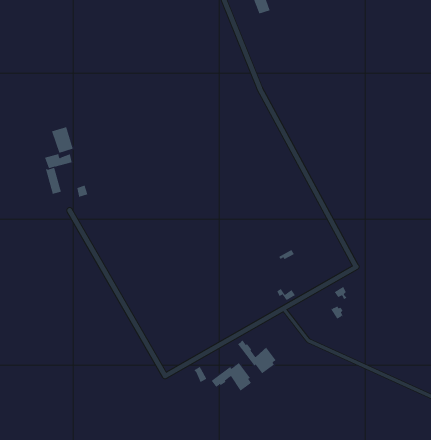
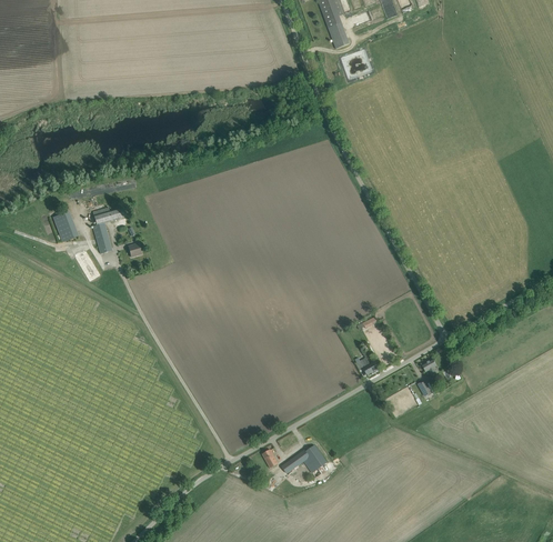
building: [51,126,73,154] -> [53,210,79,241]
building: [237,340,276,374] -> none

